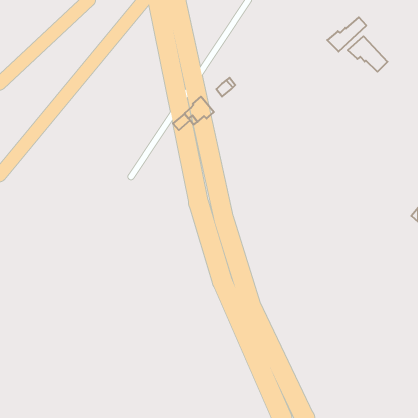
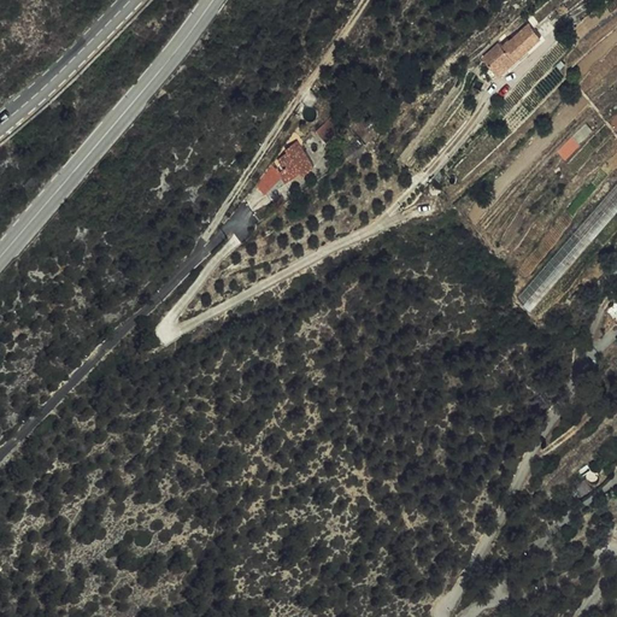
building: [348,36,388,72] -> none

